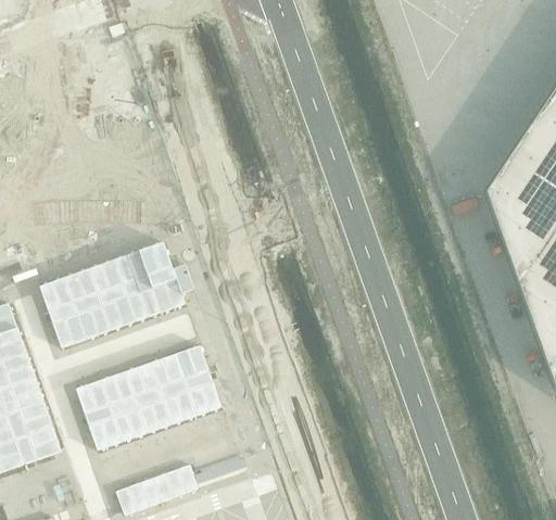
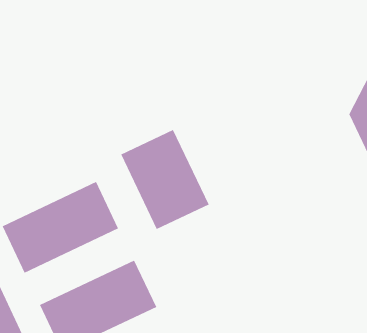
building: none -> [120,129,209,230]

